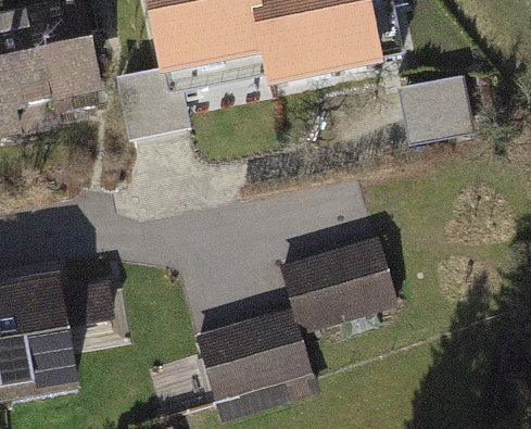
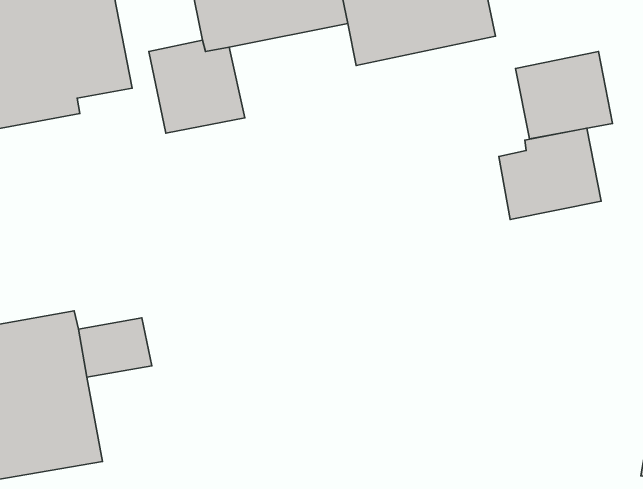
building: none -> [499,128,601,220]
building: [287,238,396,330] -> none
building: [192,303,312,400] -> none

